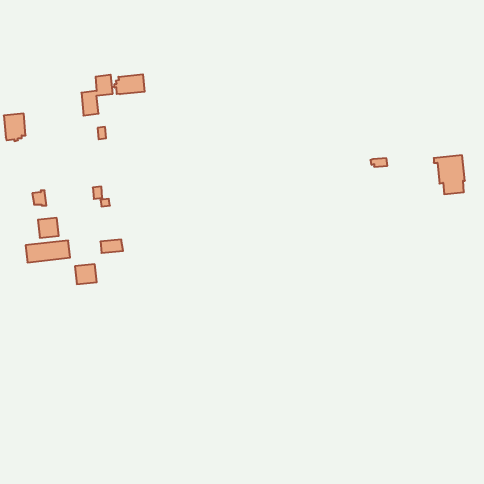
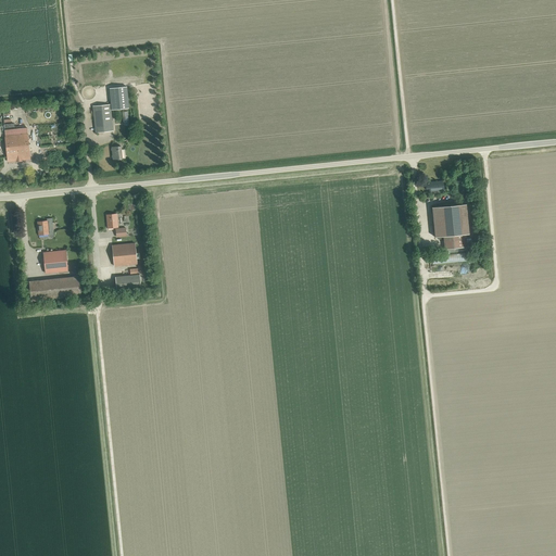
building: [114,74,145,94] -> none
building: [434,155,465,194] -> [432,204,468,249]
building: [75,264,97,284] -> [112,243,137,266]

